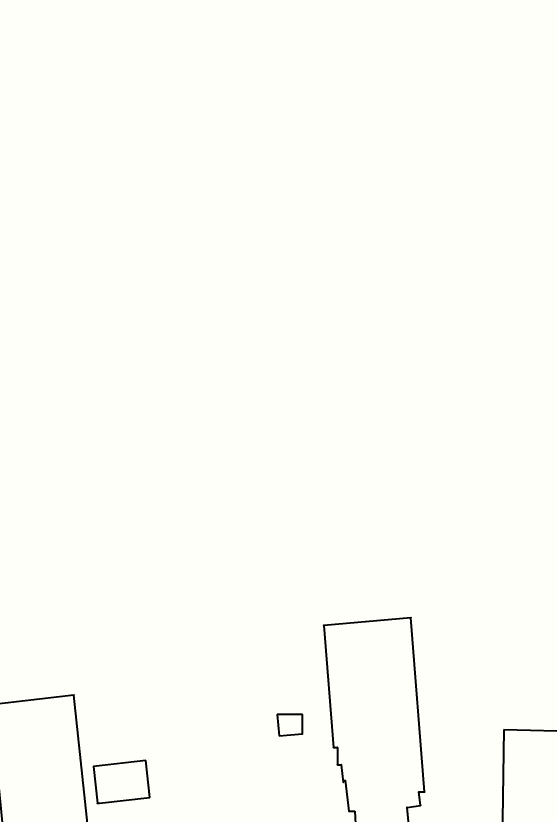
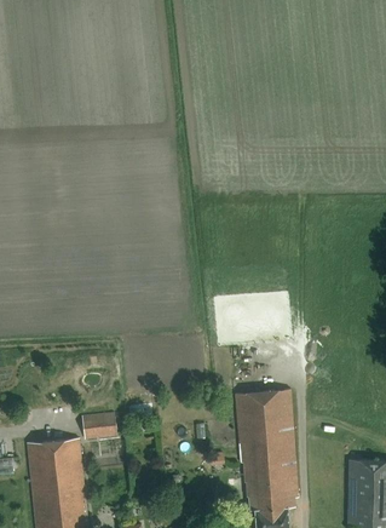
building: [94,761,150,803] -> [81,412,116,438]

